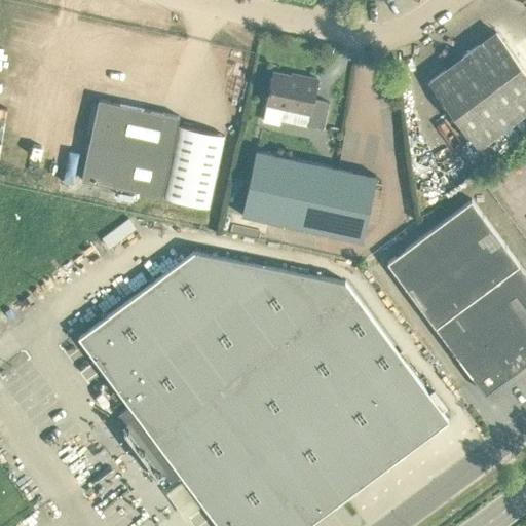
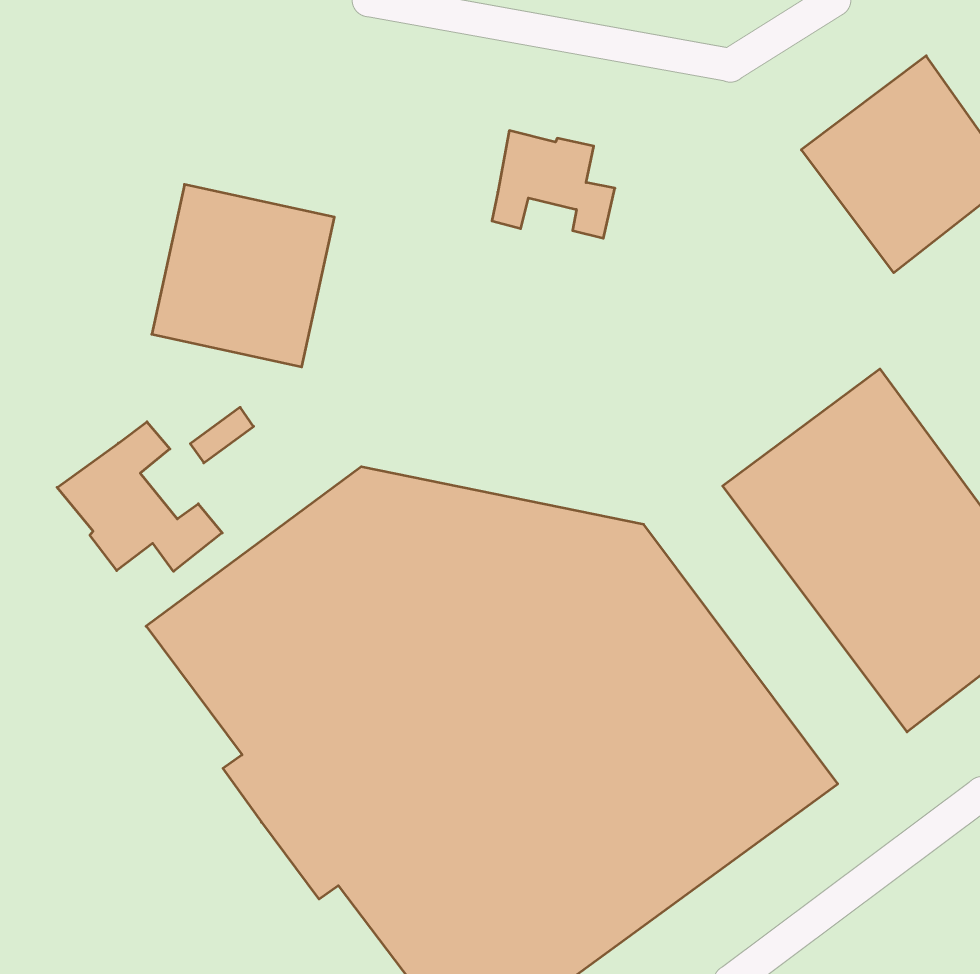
building: [165,128,225,210] -> none
building: [242,153,377,243] -> none
building: none -> [57,422,222,571]

